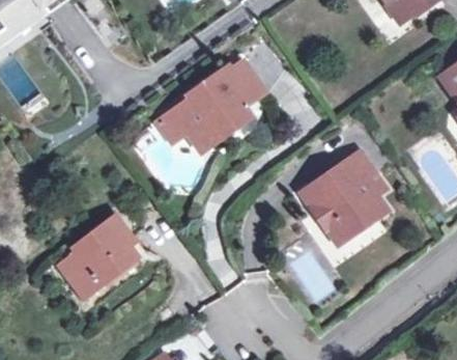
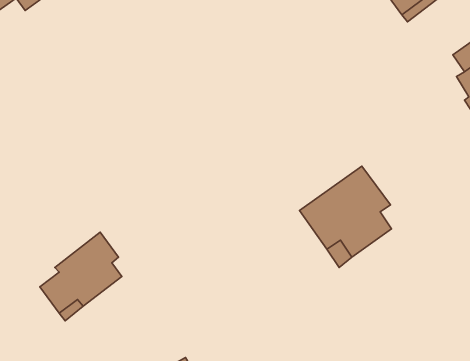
building: [155,63,260,145] -> none

